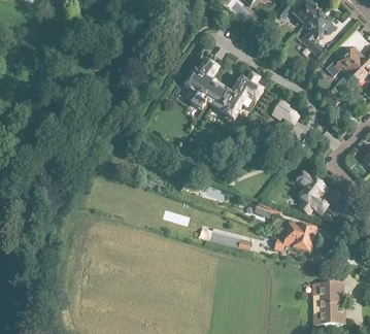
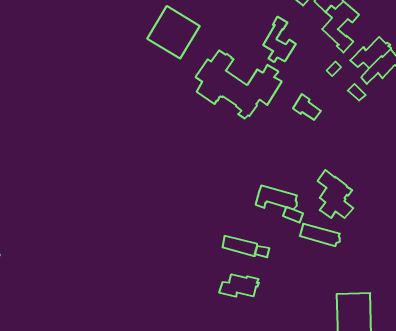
building: none -> [147,6,200,59]
building: none -> [263,17,296,62]
building: [274,231,312,253] -> [256,186,297,209]
building: none -> [219,274,259,297]

